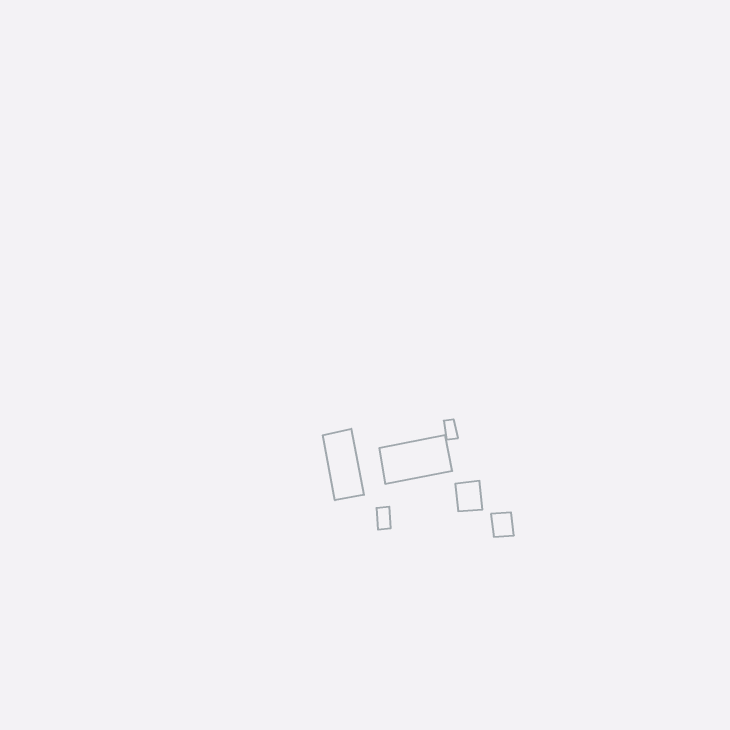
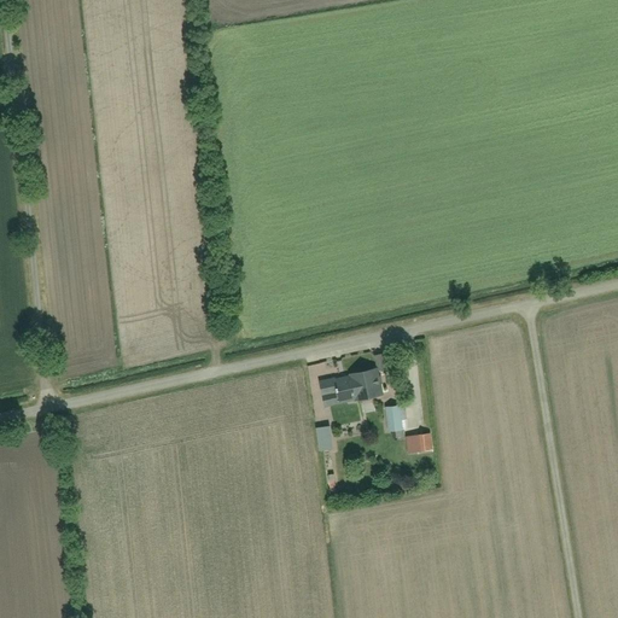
building: [323,429,364,500] -> none

